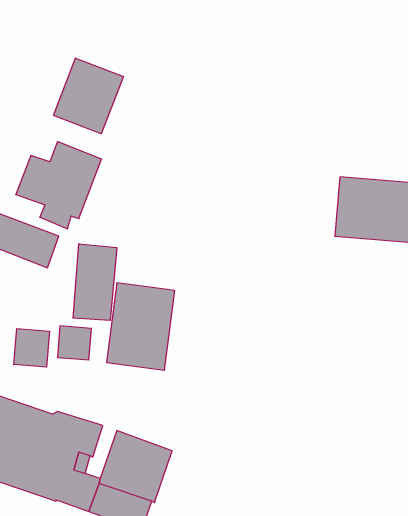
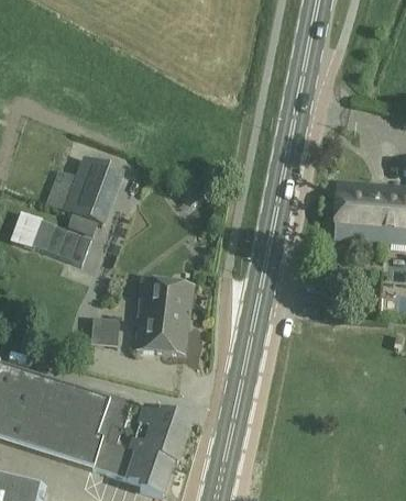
building: [53,58,123,134] -> none
building: [73,244,117,320] -> none
building: [14,329,49,367] -> none

